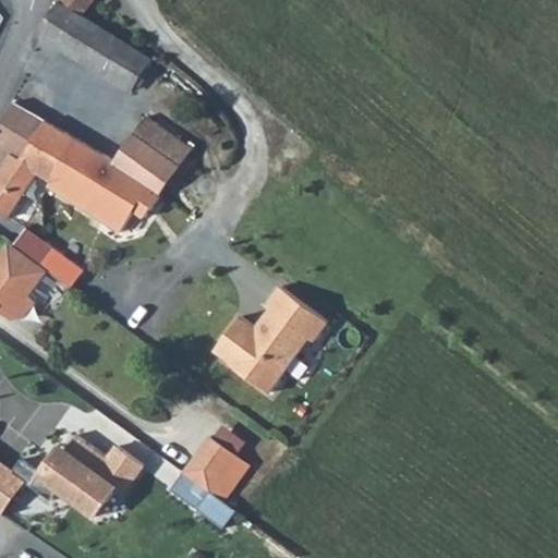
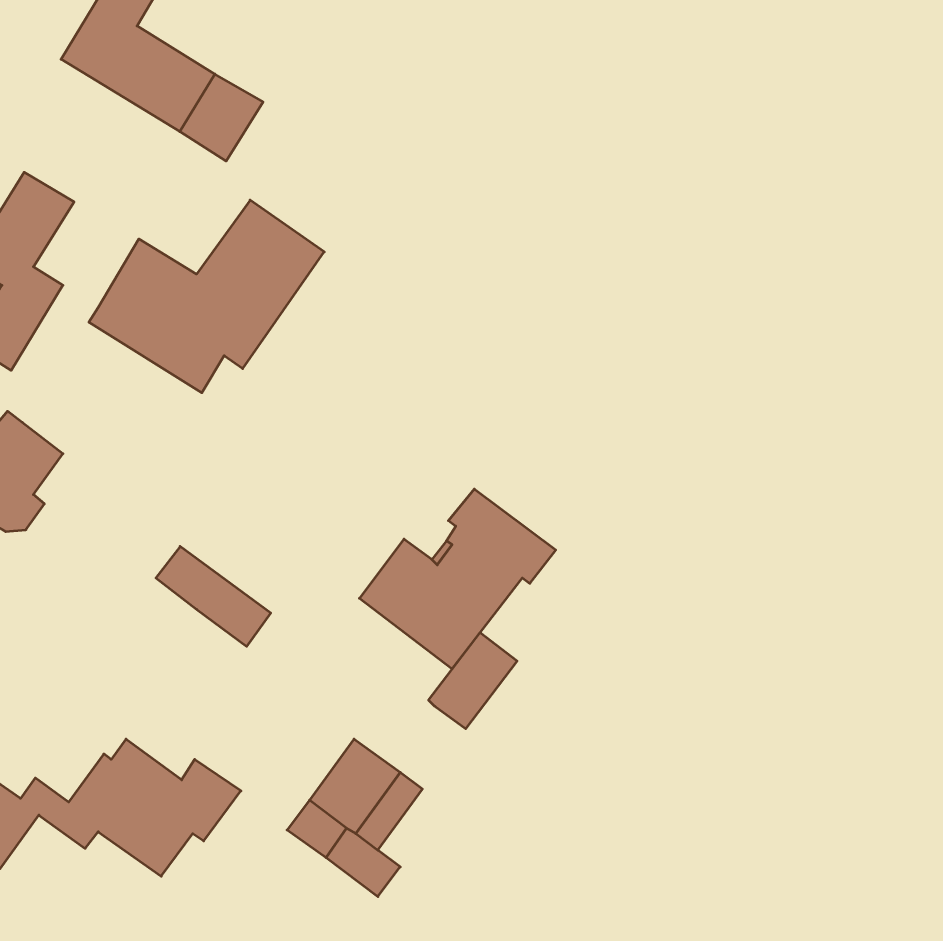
building: [20,119,82,181] -> none
building: [13,230,81,289] -> [156,546,271,646]
building: none -> [429,633,517,729]

